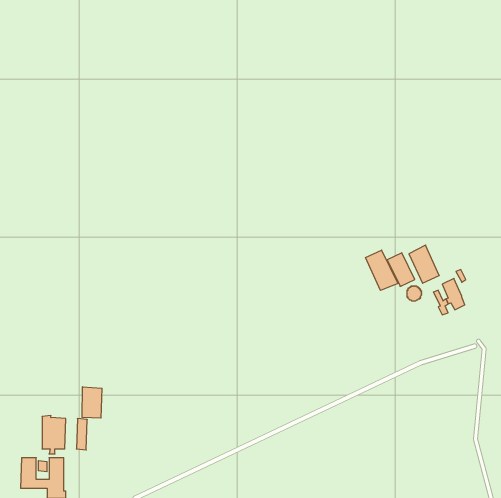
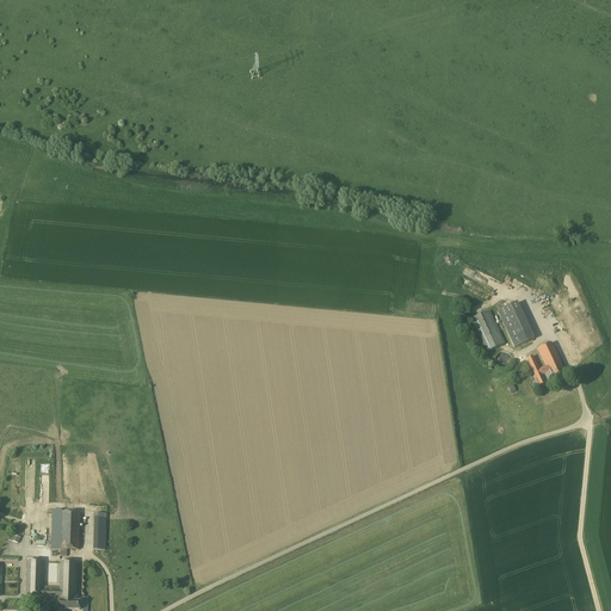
building: [365,250,398,290] -> none
building: [82,387,102,418] -> none

